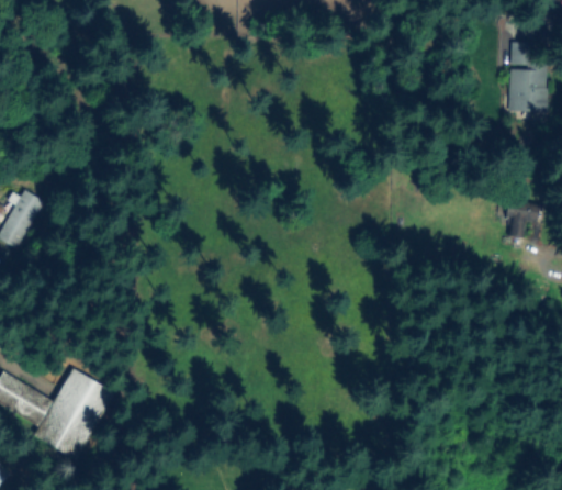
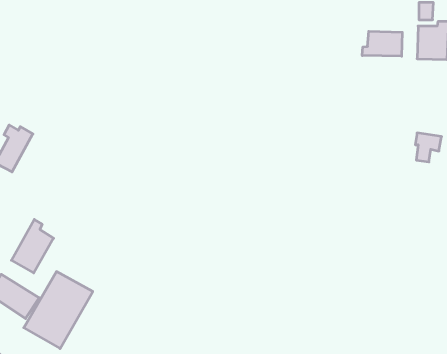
building: none -> [362,31,402,56]
building: none -> [11,219,54,273]

